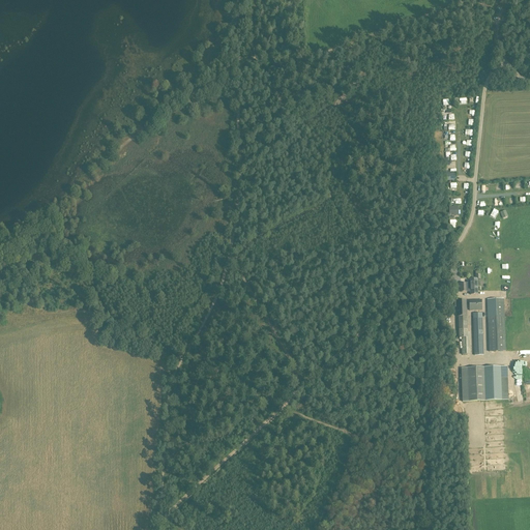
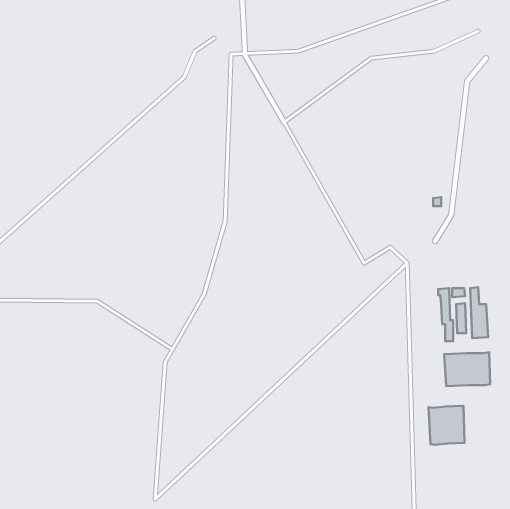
building: none -> [428,406,465,445]

